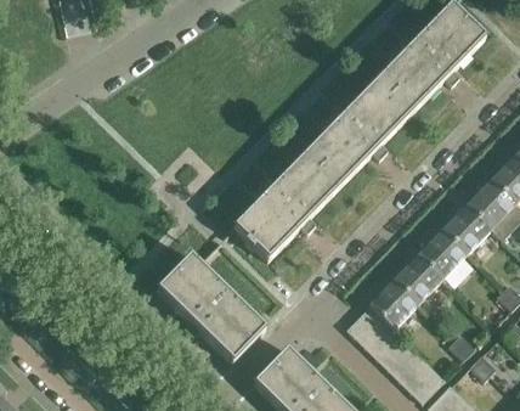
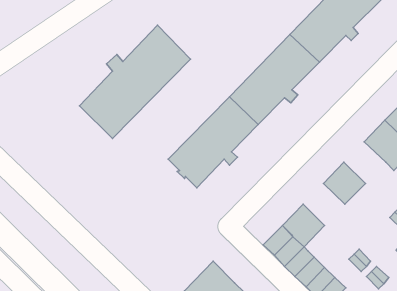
building: none -> [79,25,191,139]
building: [442,203,492,253] -> none
building: [157,252,266,360] -> none
building: [394,253,443,303] -> none

